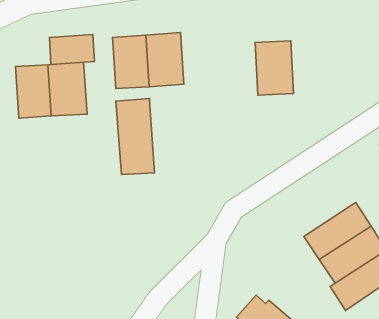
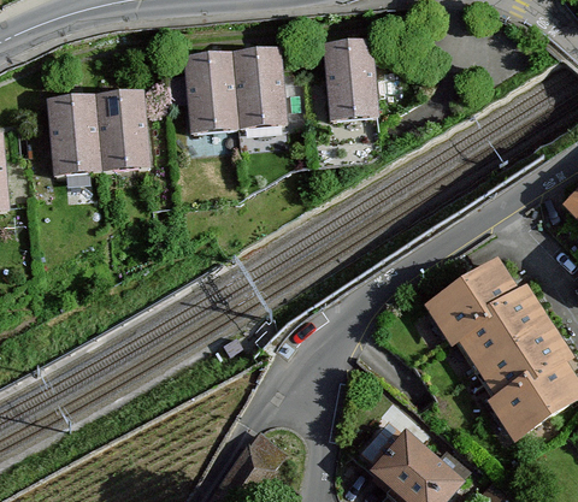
building: [49,35,94,64] -> none
building: [255,41,294,95] -> [323,42,377,119]
building: [116,99,154,175] -> none
building: none -> [424,255,521,342]

